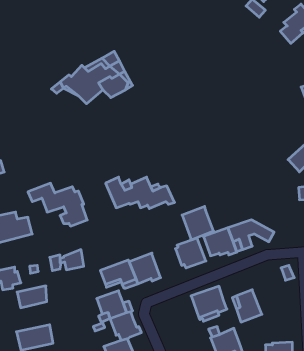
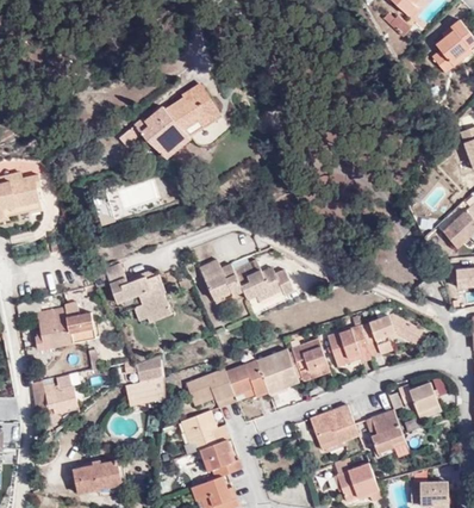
building: [182,206,214,240] -> [256,349,299,395]
building: none -> [398,383,441,420]
building: [17,286,47,308] -> [125,378,166,408]

